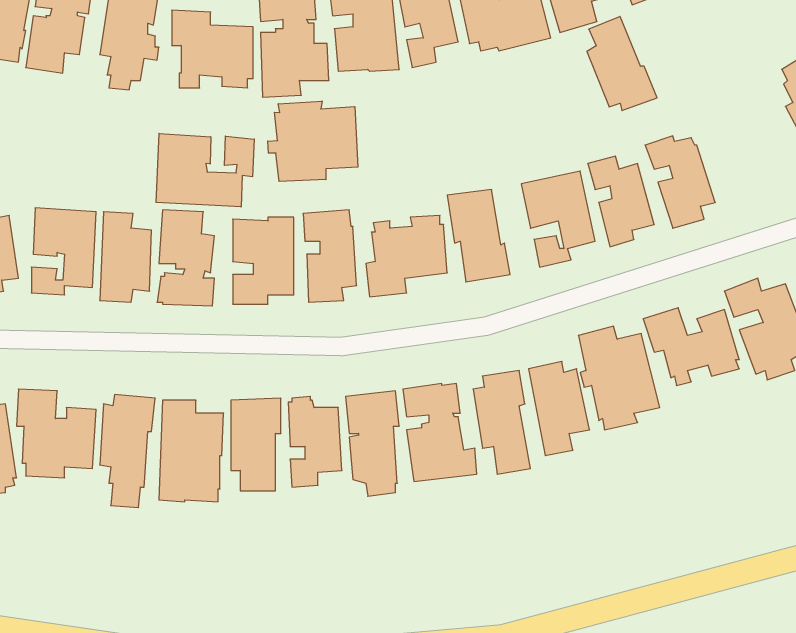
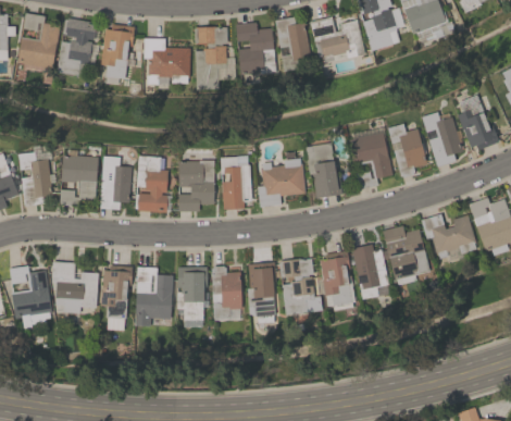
building: [587,16,657,111] -> [457,95,498,150]
building: [268,101,358,181] -> none
building: [156,133,254,207] -> none

